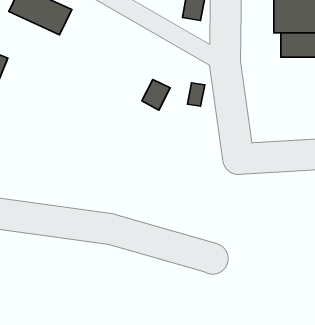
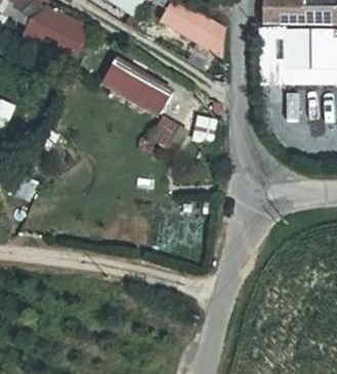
building: none -> [100,54,174,116]

